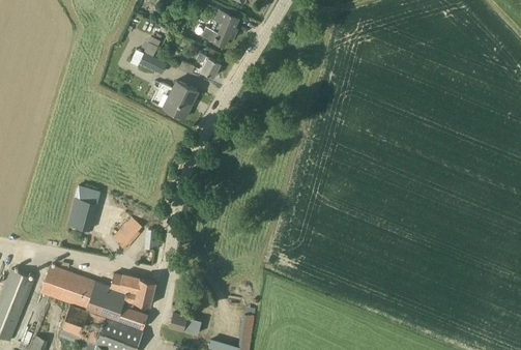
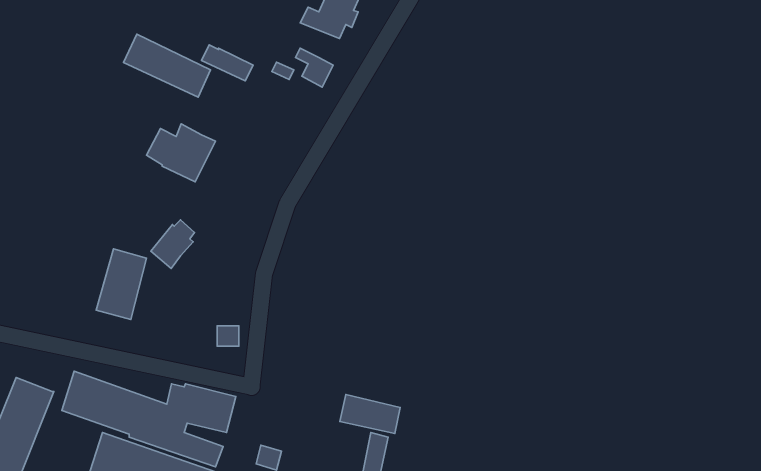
building: none -> [123,34,211,97]
building: [152,81,198,119] -> [146,124,216,182]
building: [112,218,141,251] -> [151,220,195,269]
building: none -> [340,394,400,433]

